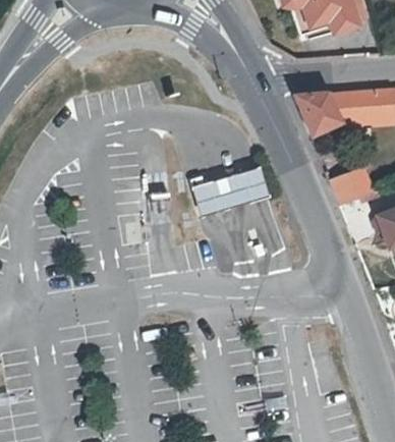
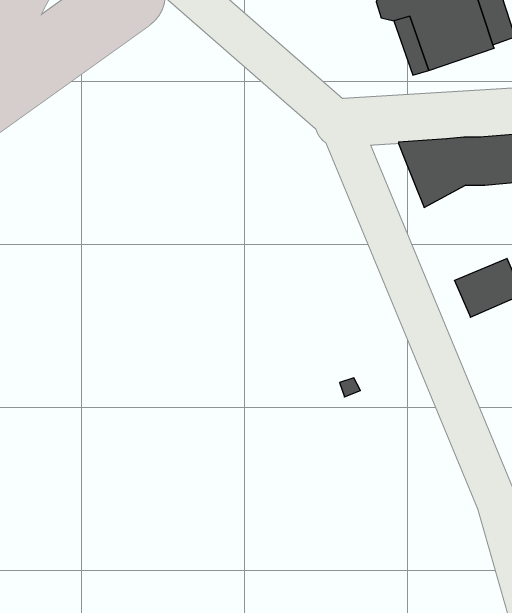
building: [194,166,270,217] -> none

